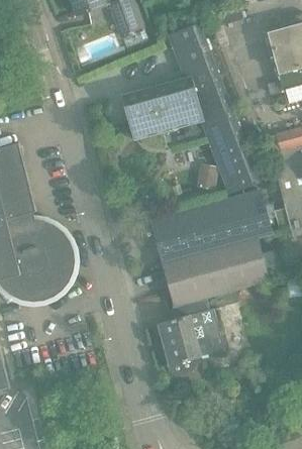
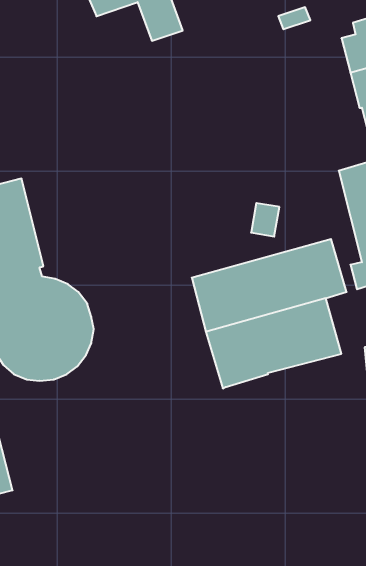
building: [121,23,257,194] -> none
building: [158,298,223,376] -> none

